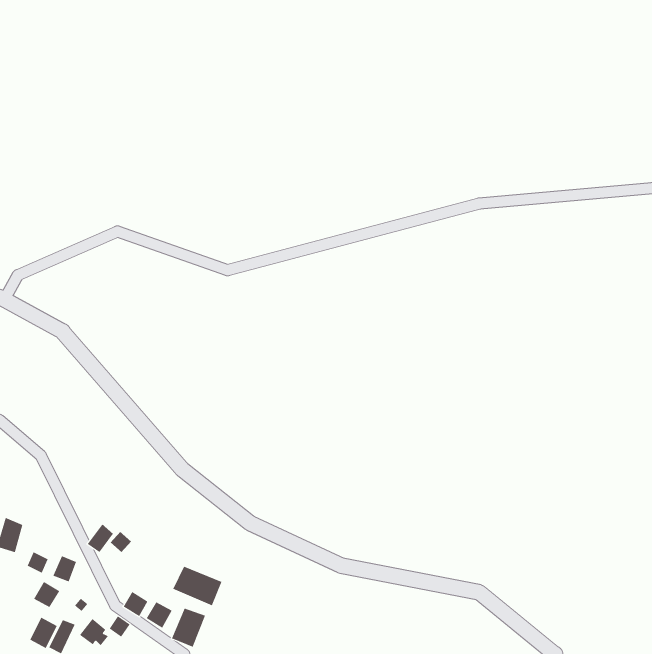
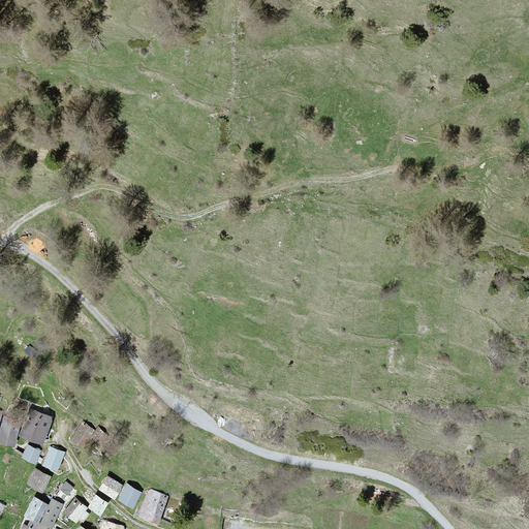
building: none -> [20,411,51,444]
building: [172,566,222,606] -> none

